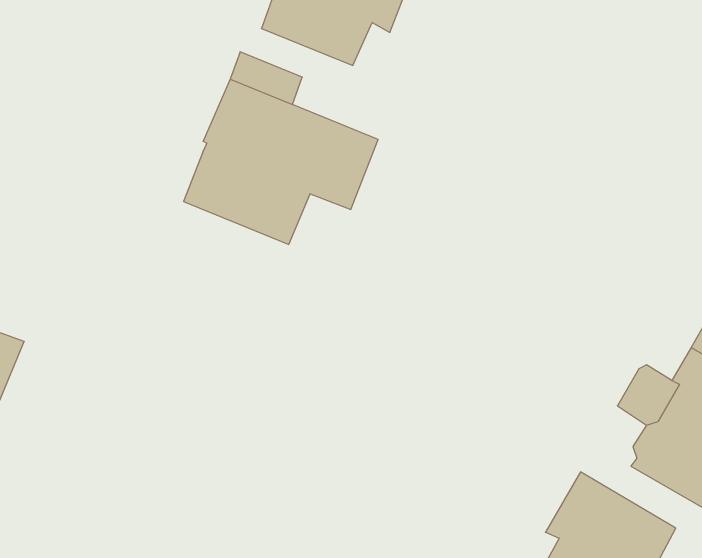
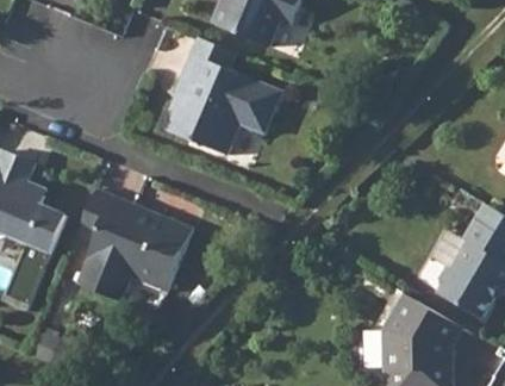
building: none -> [76,189,192,301]

